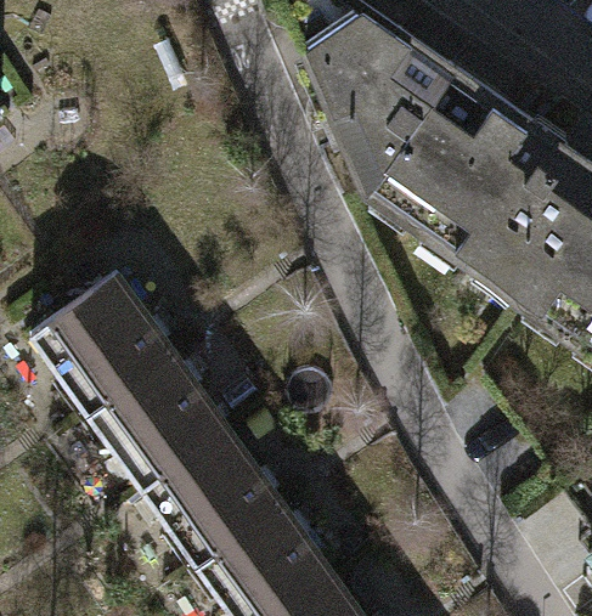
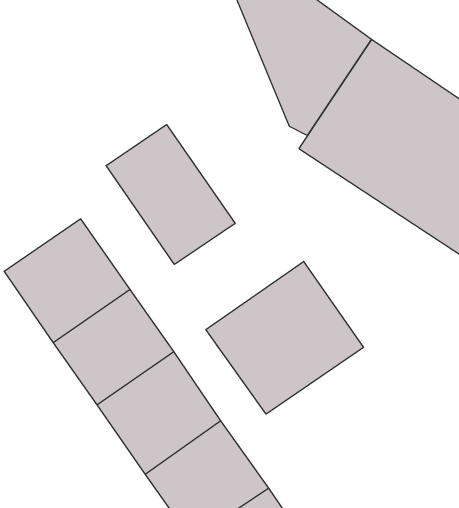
building: none -> [106,125,235,264]
building: none -> [206,261,363,414]

